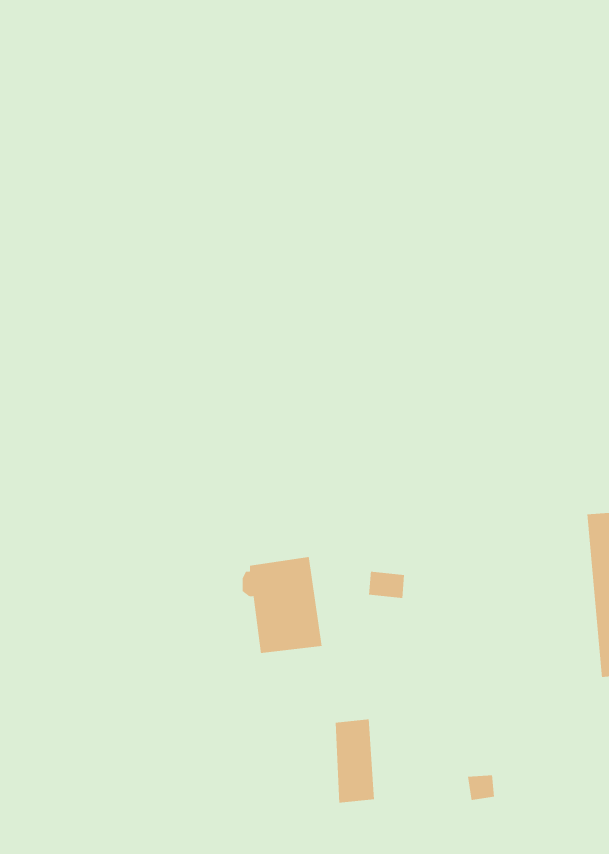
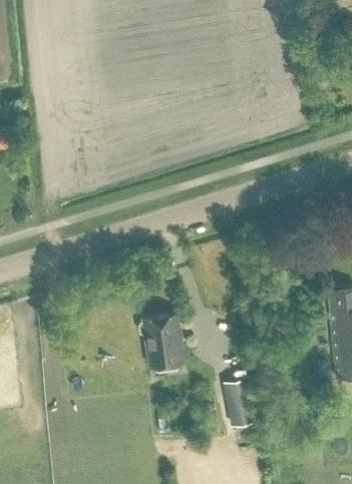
building: [335,719,375,803] -> [223,381,245,427]

